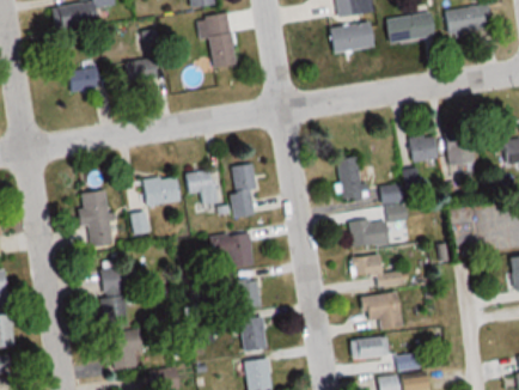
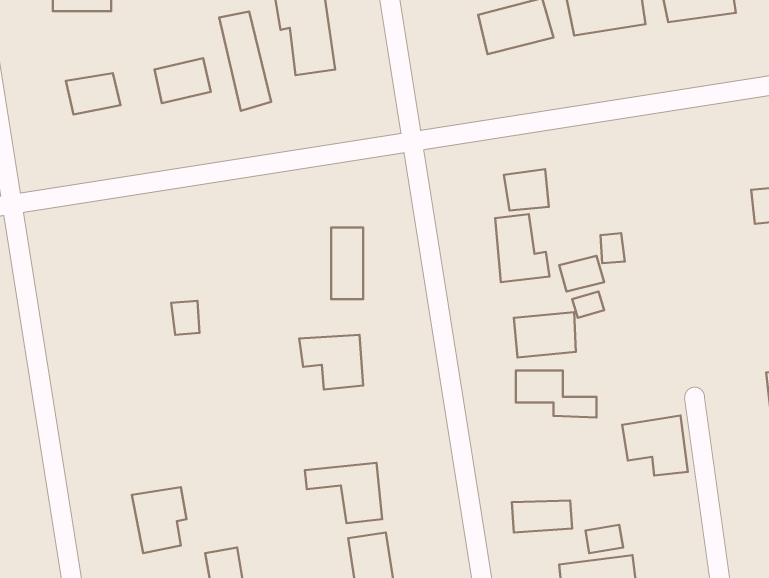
building: none -> [219,12,271,111]
building: [408,134,436,160] -> [504,169,549,211]
building: [448,142,476,176] -> none
building: [184,169,218,208] -> none
building: [142,176,179,202] -> none
building: [77,190,111,245] -> none
building: [98,266,129,329] -> none
building: [225,278,260,307] -> none
building: [359,291,401,329] -> [622,415,688,476]

